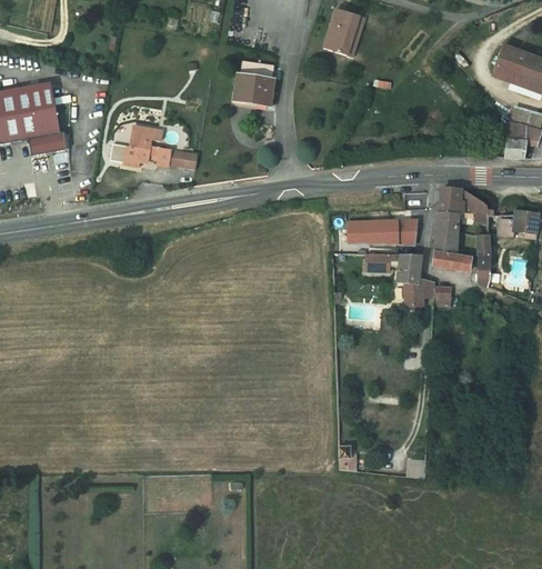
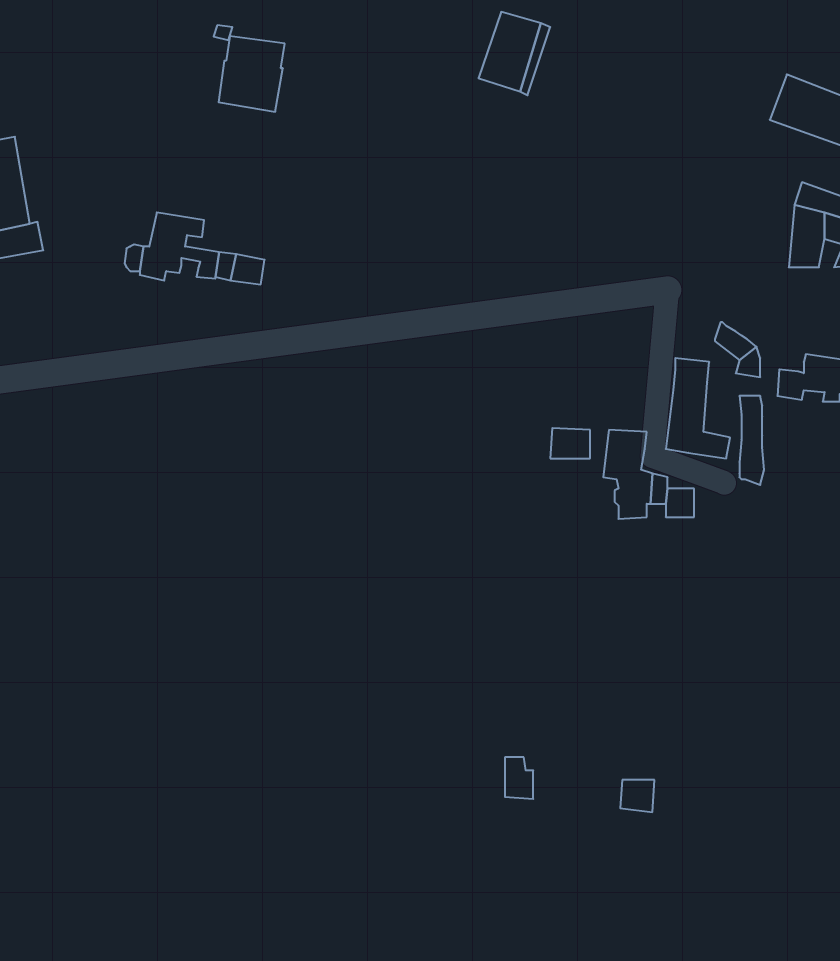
building: [235,60,274,104] -> [219,36,285,112]
building: [439,187,461,213] -> none
building: [344,218,414,242] -> none

